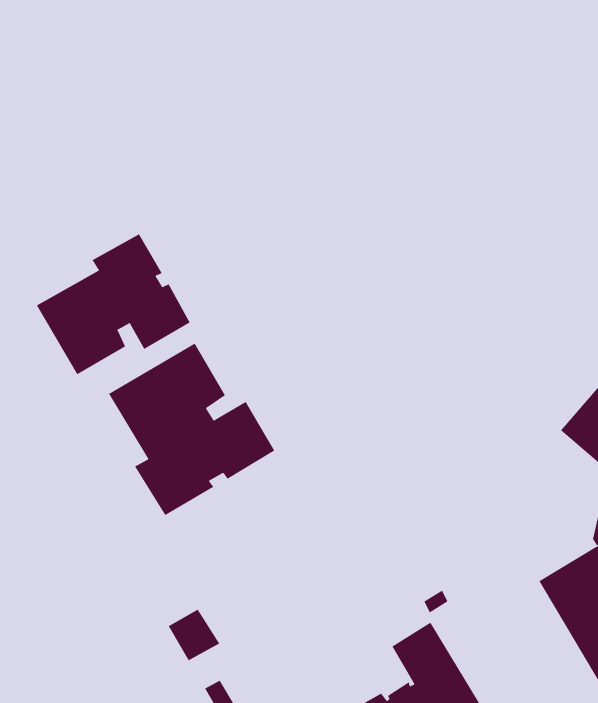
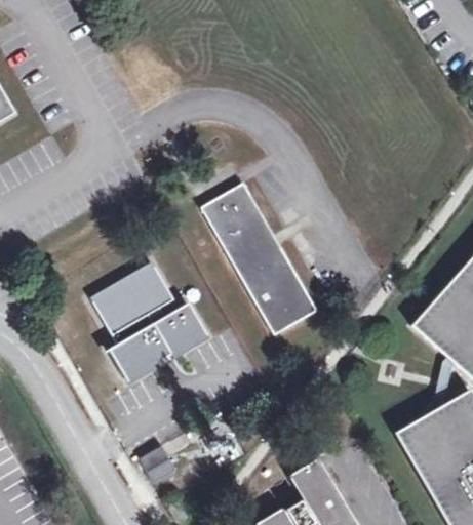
building: none -> [200,184,317,335]
building: [36,234,191,375] -> none

